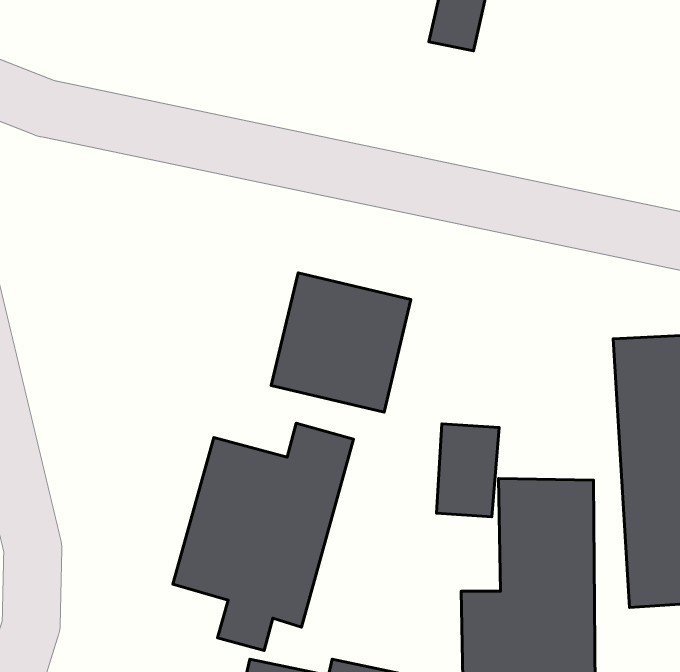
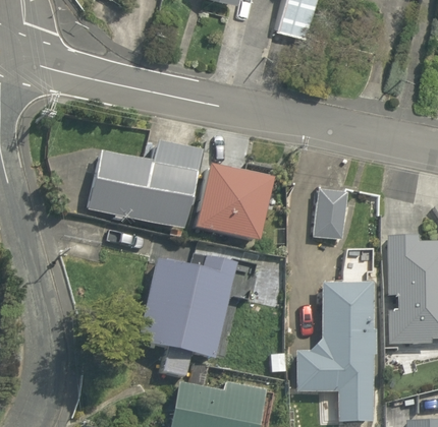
building: none -> [88,150,188,229]
building: [436,424,499,517] -> [316,188,351,241]

